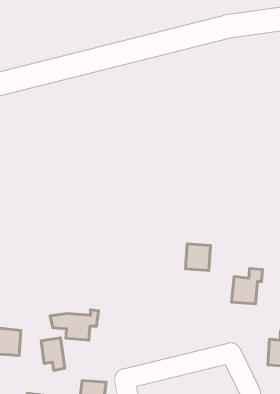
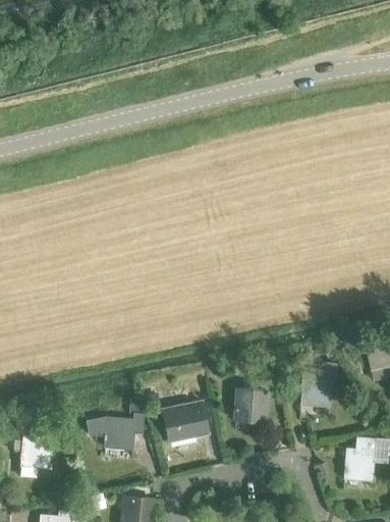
building: [186,244,211,270] -> [236,389,266,421]
building: none -> [163,404,210,443]
building: [41,338,65,370] -> none

